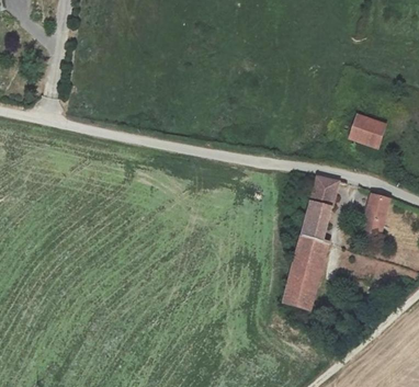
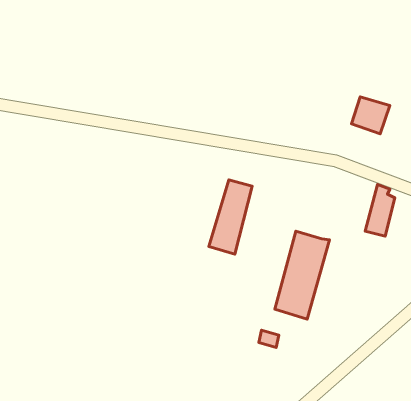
building: [301,169,339,235] -> [209,180,252,254]

